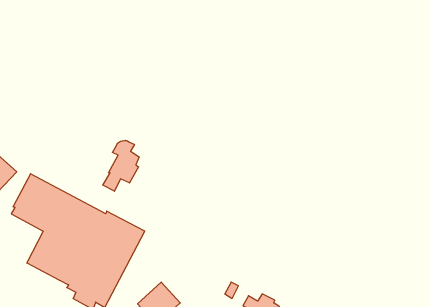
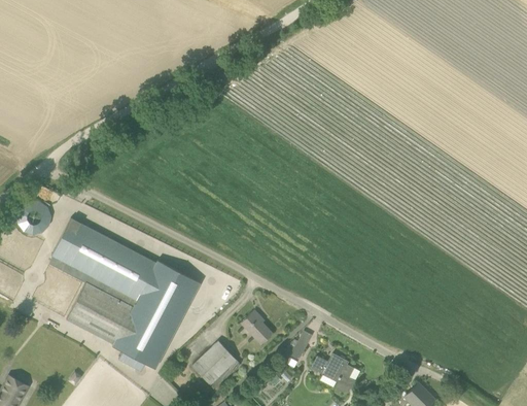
building: [103,140,139,191] -> none
building: none -> [242,310,273,343]

